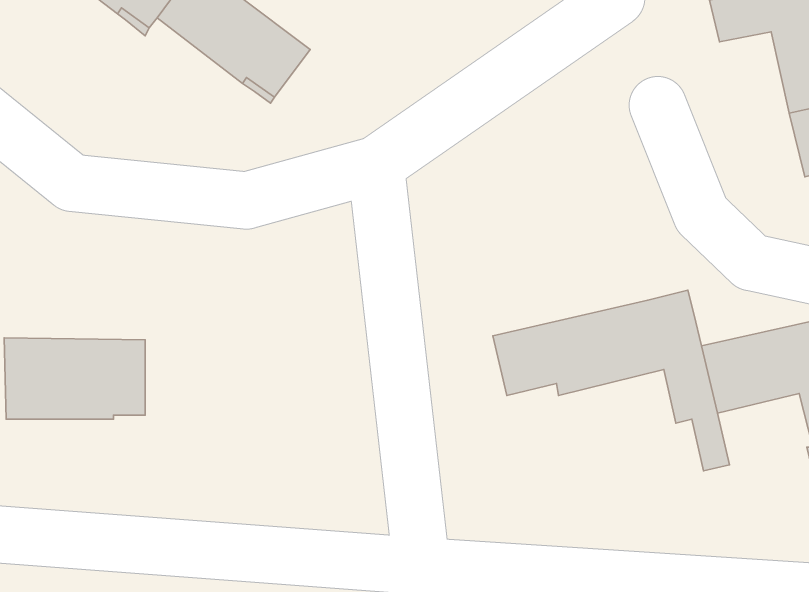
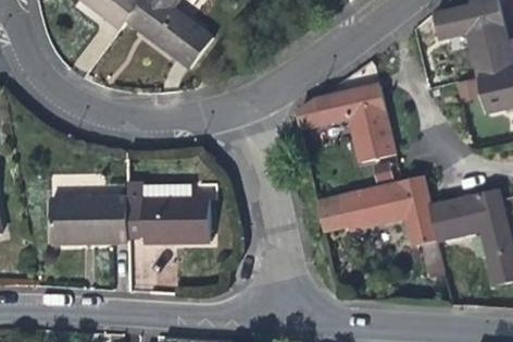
building: none -> [292,83,392,158]
building: none -> [122,181,204,242]

